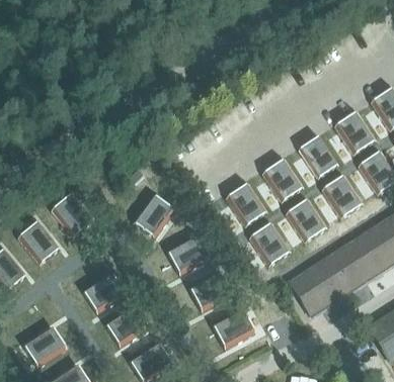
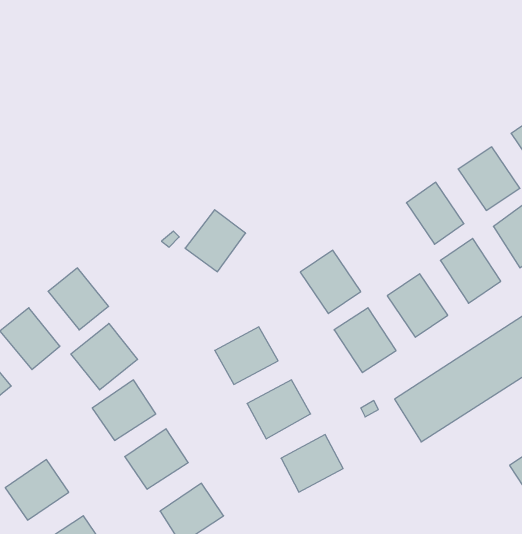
building: [261,159,303,202] -> none
building: [132,196,173,238] -> [185,210,246,272]
building: none -> [71,323,138,390]

